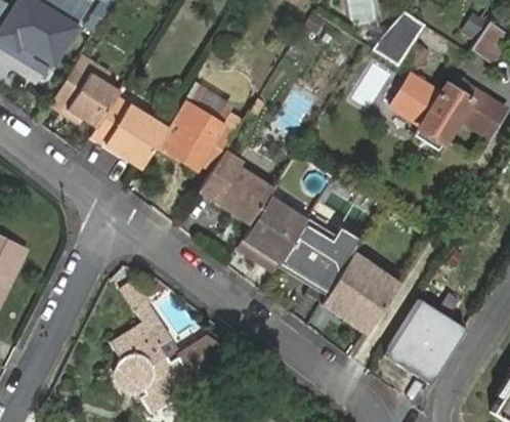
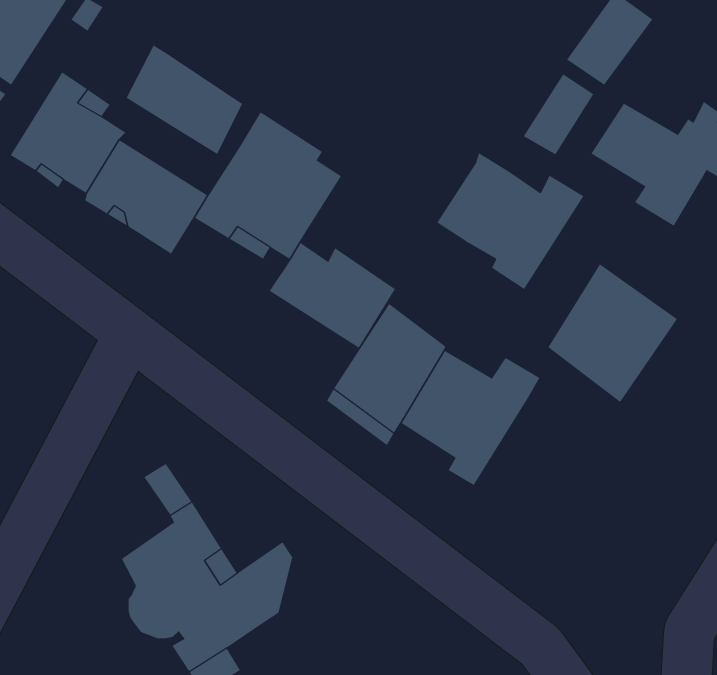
building: none -> [126,45,243,155]
building: none -> [436,152,584,290]
building: [323,252,399,334] -> [547,264,678,403]
building: [382,301,461,383] -> none

